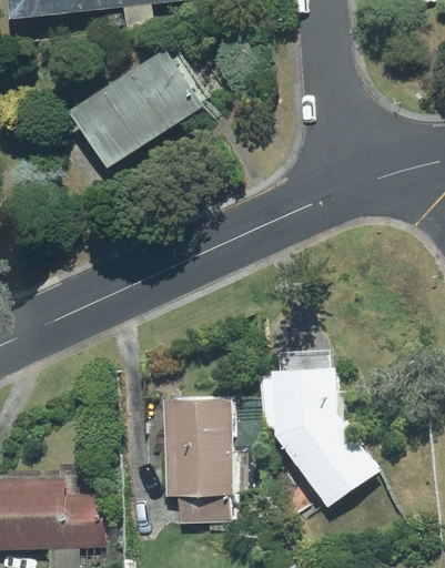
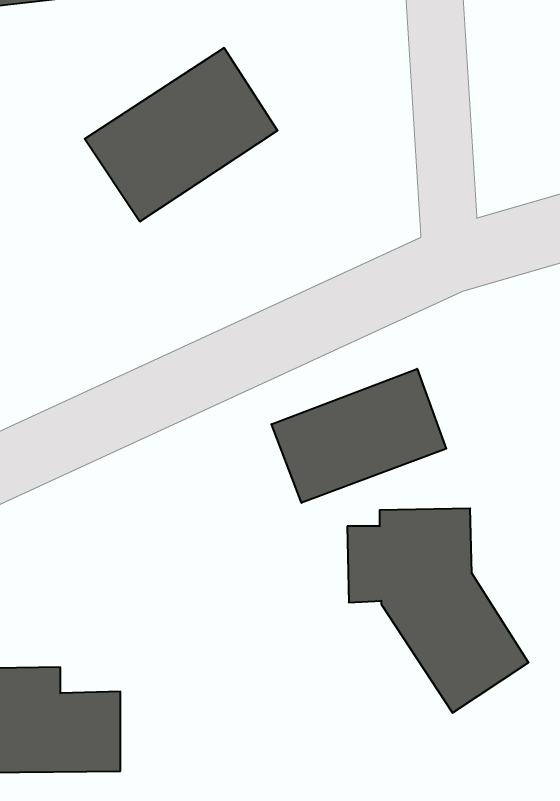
building: none -> [271,369,446,503]
building: [161,393,226,520] -> none

